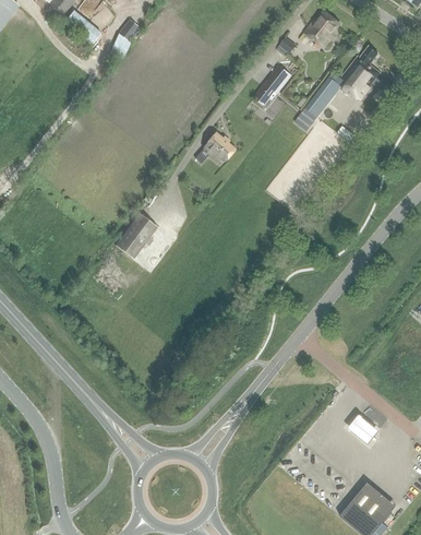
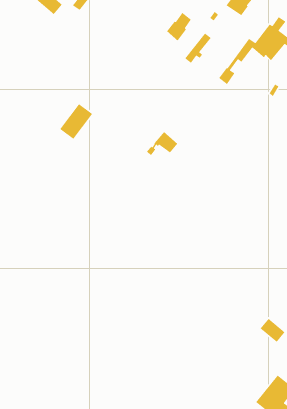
building: none -> [166,12,192,41]
building: [195,133,234,164] -> [146,131,178,156]
building: [116,214,157,259] -> [59,103,93,140]

